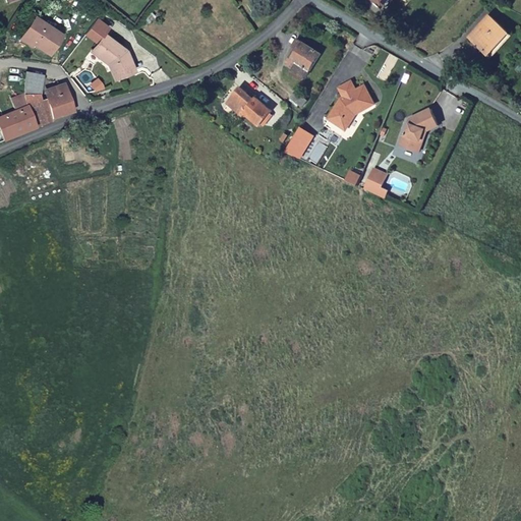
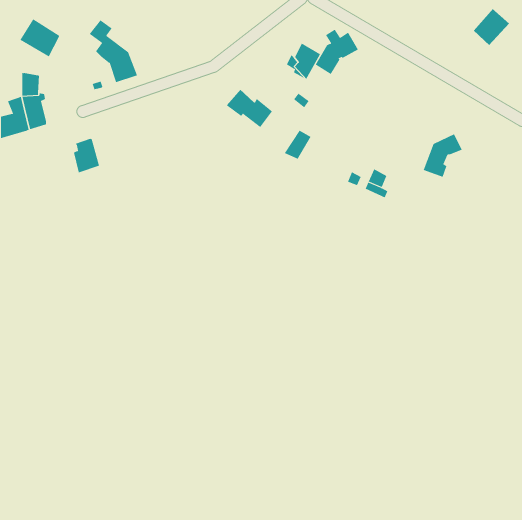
building: [332,81,375,127] -> [315,29,359,75]
building: [42,86,68,121] -> [73,138,100,173]
building: [399,107,439,151] -> [423,133,463,177]

